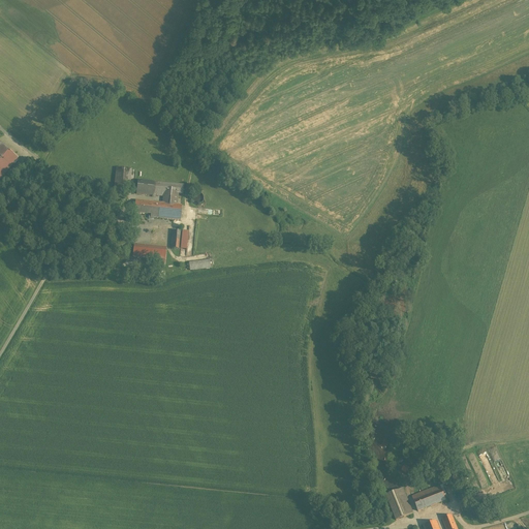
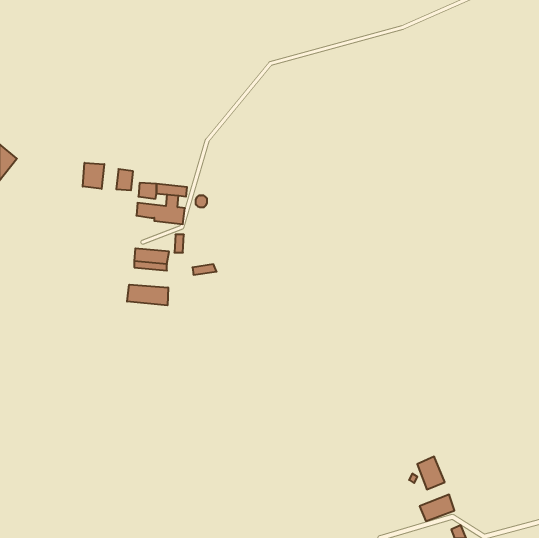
building: none -> [83,163,104,189]
building: none -> [127,285,168,305]
building: [385,487,412,519] -> [417,457,445,489]

